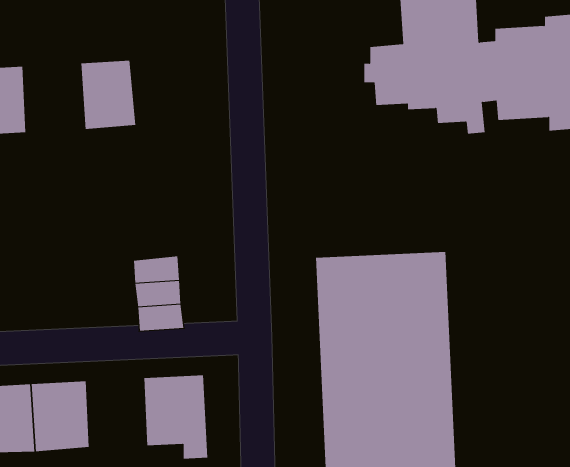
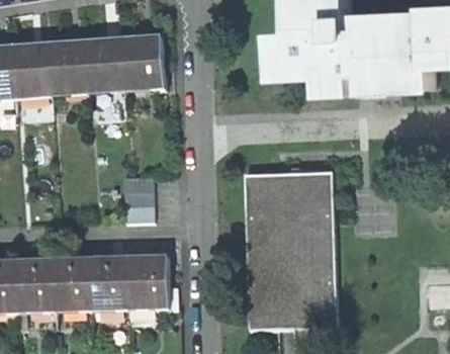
building: none -> [117,40,164,88]
building: none -> [46,47,87,93]
building: none -> [88,258,128,304]

